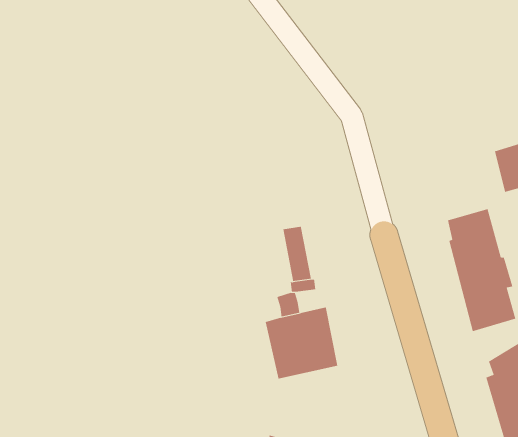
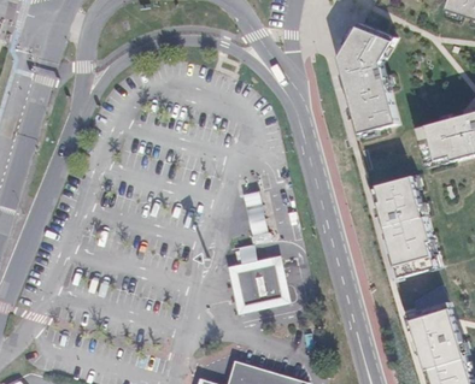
building: none -> [339,23,397,134]

